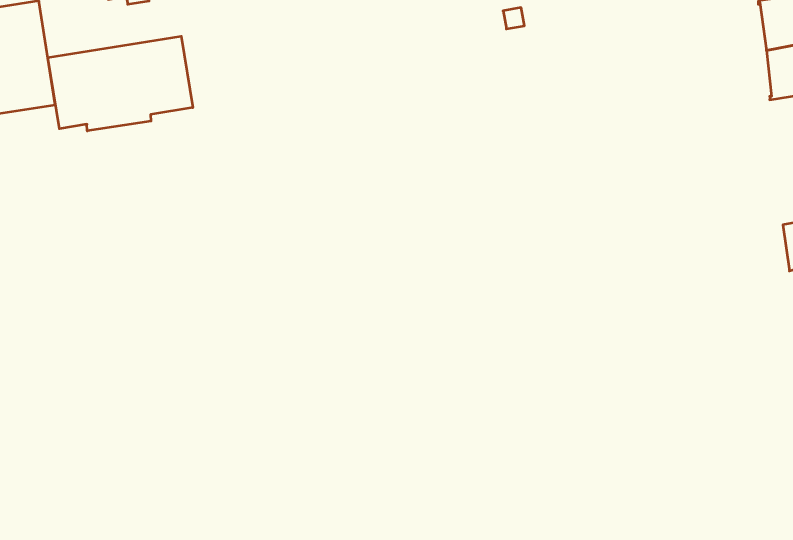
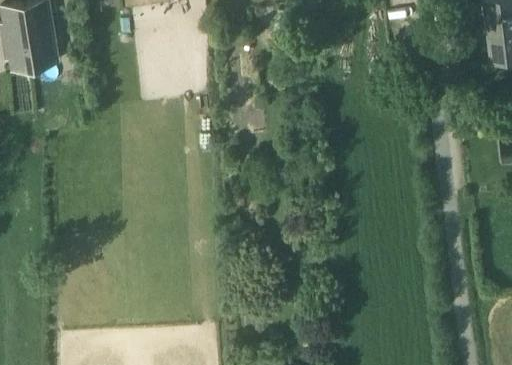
building: [48,36,193,131] -> none

